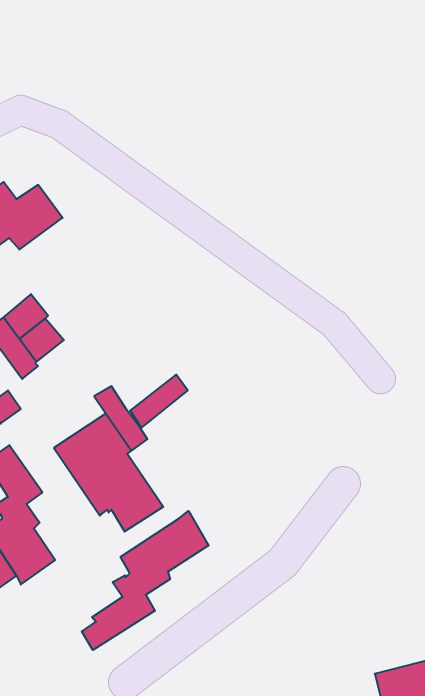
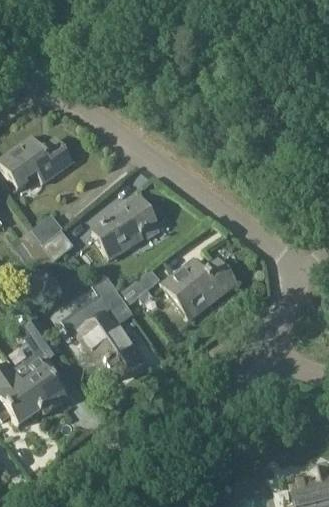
building: none -> [91,195,156,258]
building: none -> [161,257,237,319]
building: [82,511,209,650] -> none

